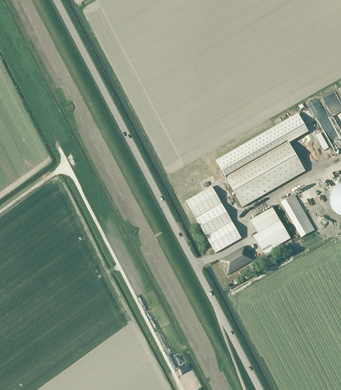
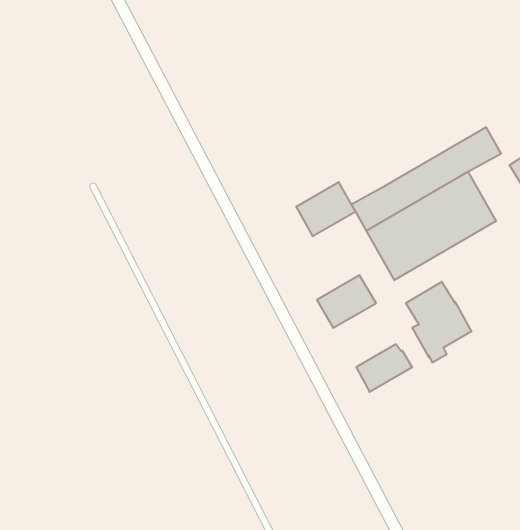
building: [186,185,222,218] -> [296,182,355,236]
building: [281,193,315,237] -> none
building: [206,220,242,252] -> none

